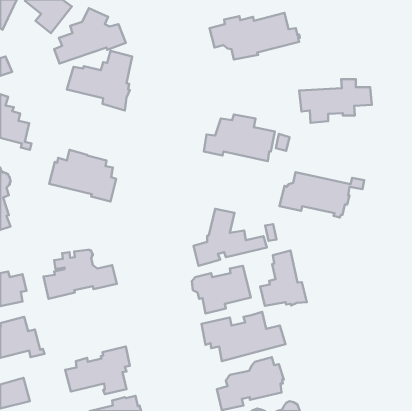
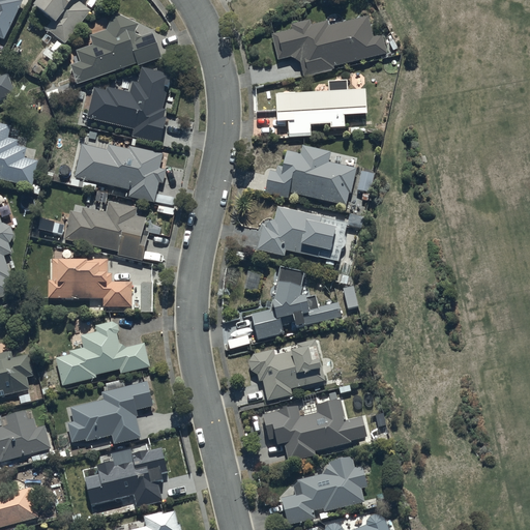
building: [299,79,372,123] -> [270,83,363,139]
building: none -> [75,142,166,201]
building: [280,172,364,217] -> [254,208,362,266]
building: none -> [48,256,131,304]
building: [260,251,307,306] -> none
building: none -> [67,376,153,442]

